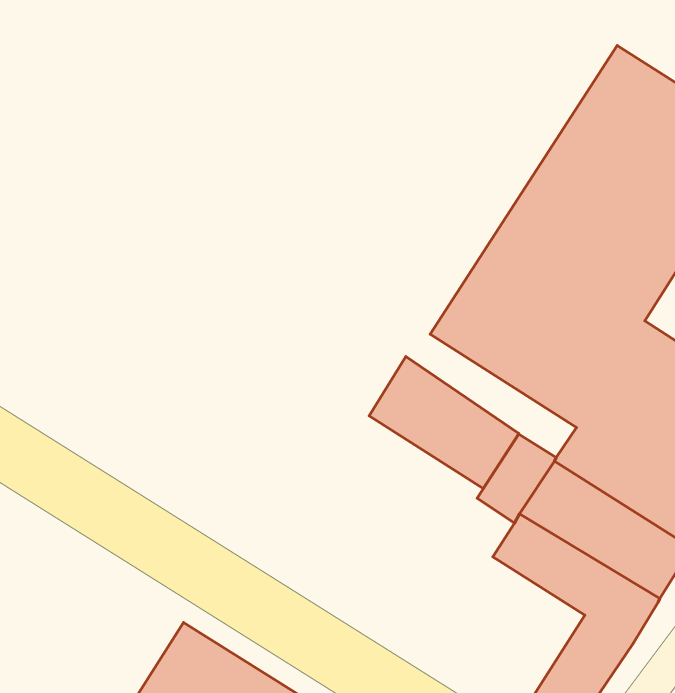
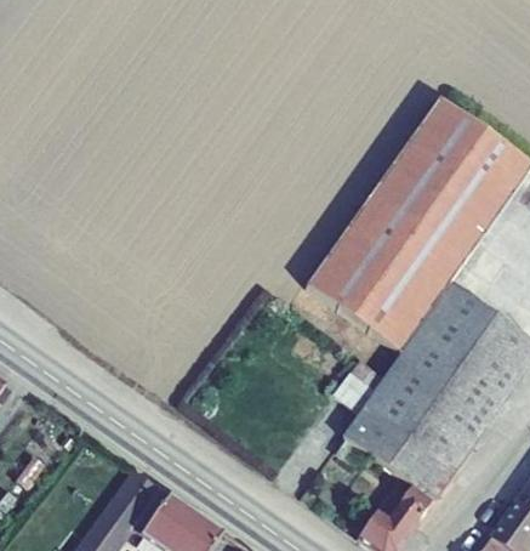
building: [369,357,519,489] -> none

